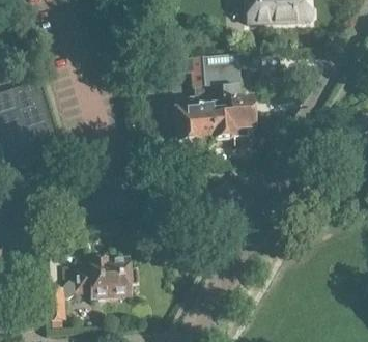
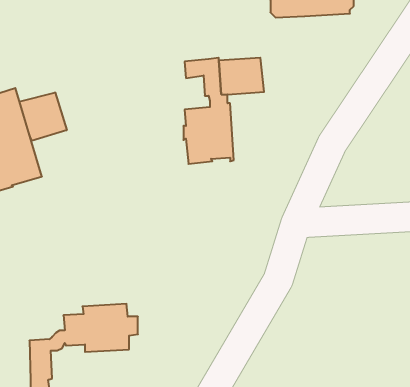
building: none -> [20,92,67,141]
building: [214,87,254,143] -> none

